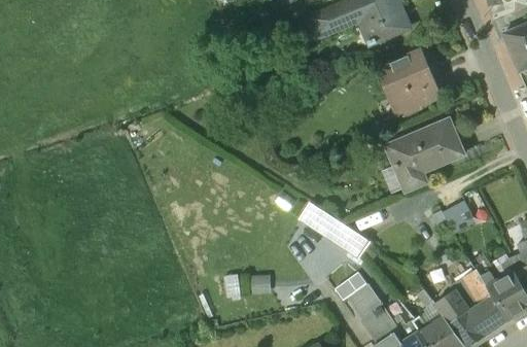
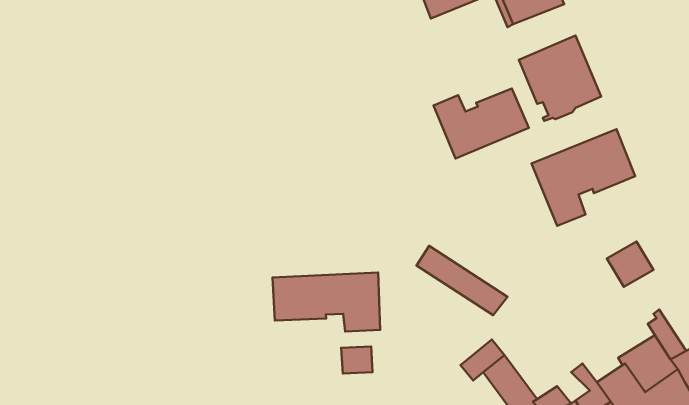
building: none -> [434,88,529,159]
building: none -> [272,273,380,332]

